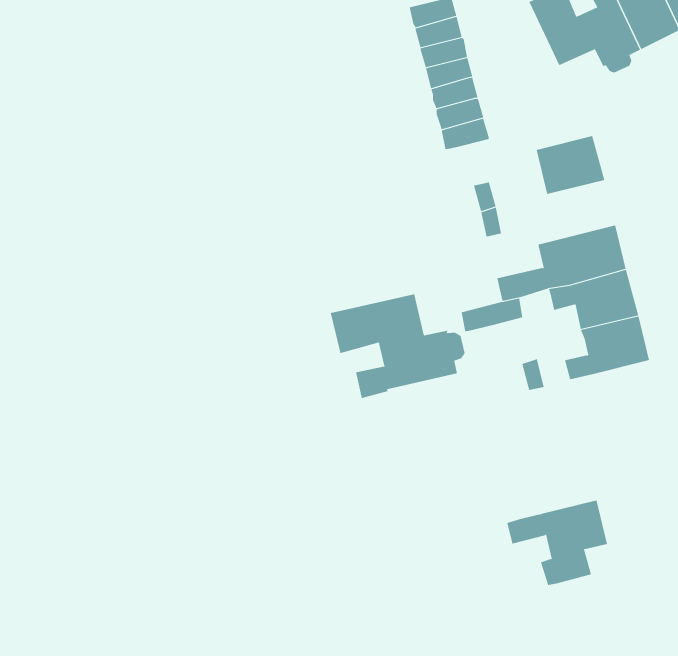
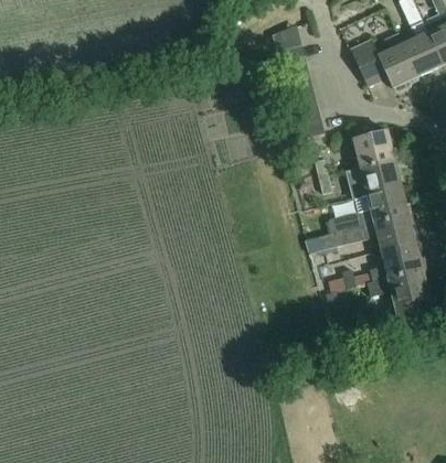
building: none -> [346,158,403,198]
building: [330,293,465,399] -> none
building: [506,500,608,585] -> [368,269,431,322]

